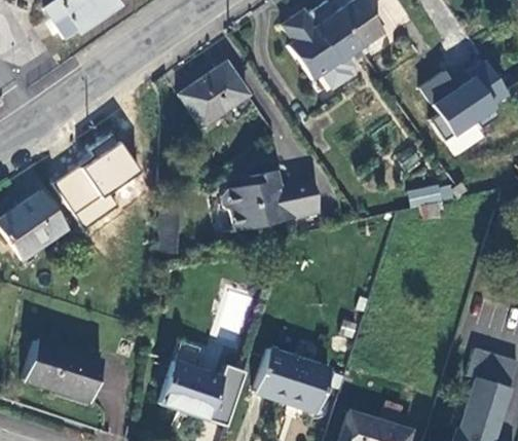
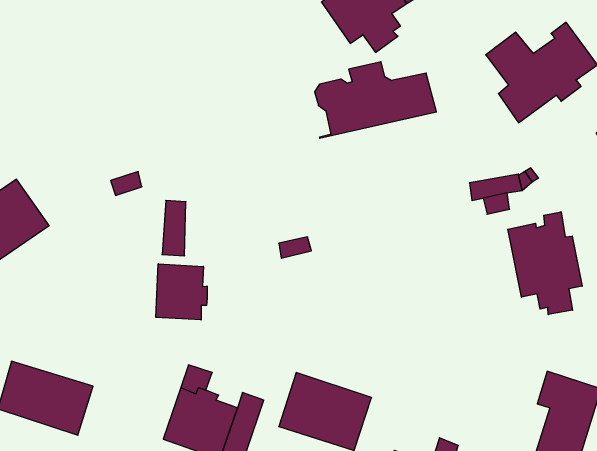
building: [180,62,249,126] -> none
building: [54,135,140,226] -> none
building: [222,171,322,233] -> [315,62,436,138]
building: none -> [508,212,582,315]
building: none -> [156,264,207,320]

